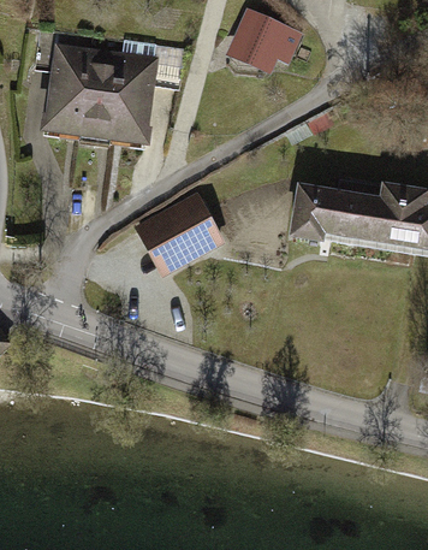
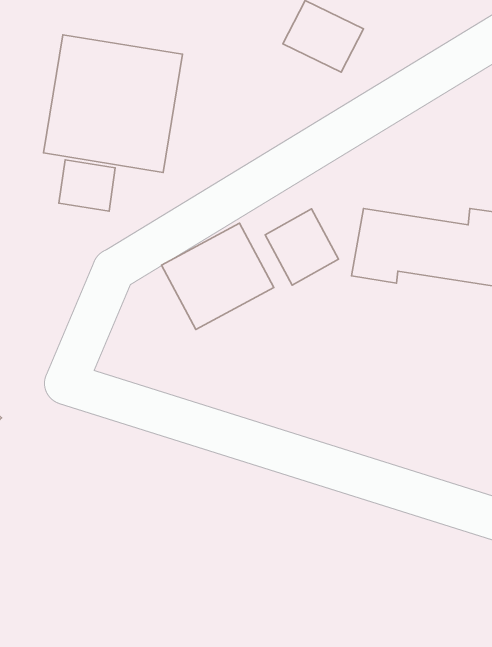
building: none -> [59,160,115,211]
building: none -> [265,209,339,285]

